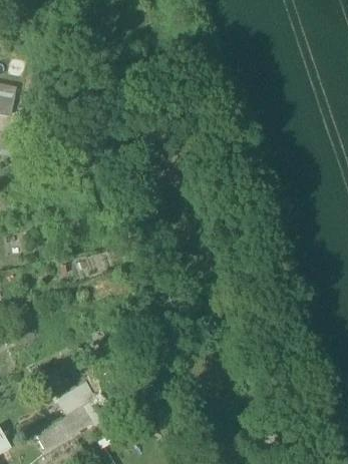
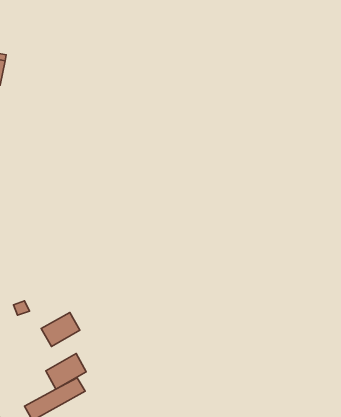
building: none -> [41,313,80,346]

